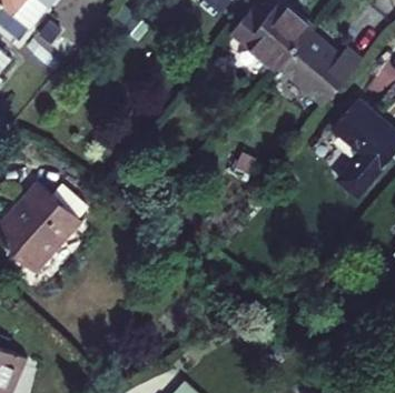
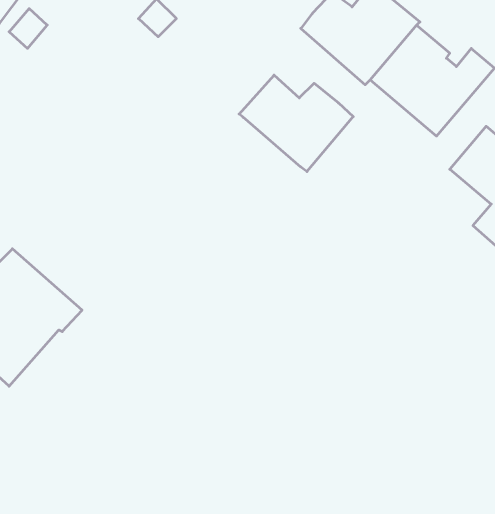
building: none -> [239,75,353,172]

